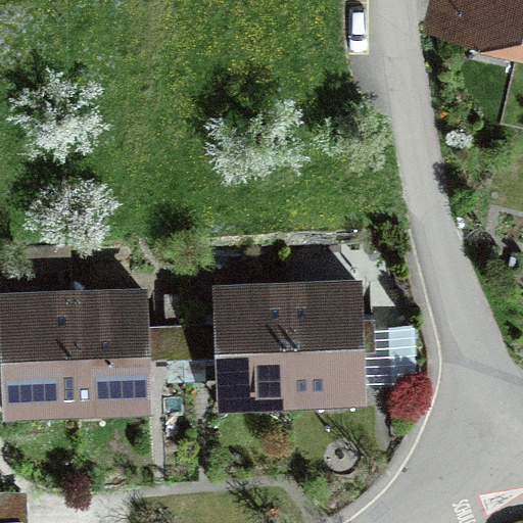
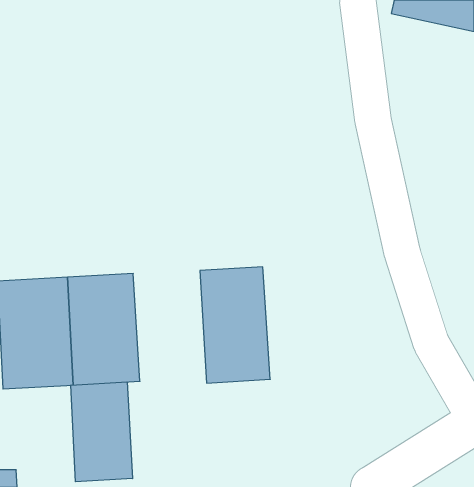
building: [282,281,367,407] -> none
building: none -> [71,382,133,482]

